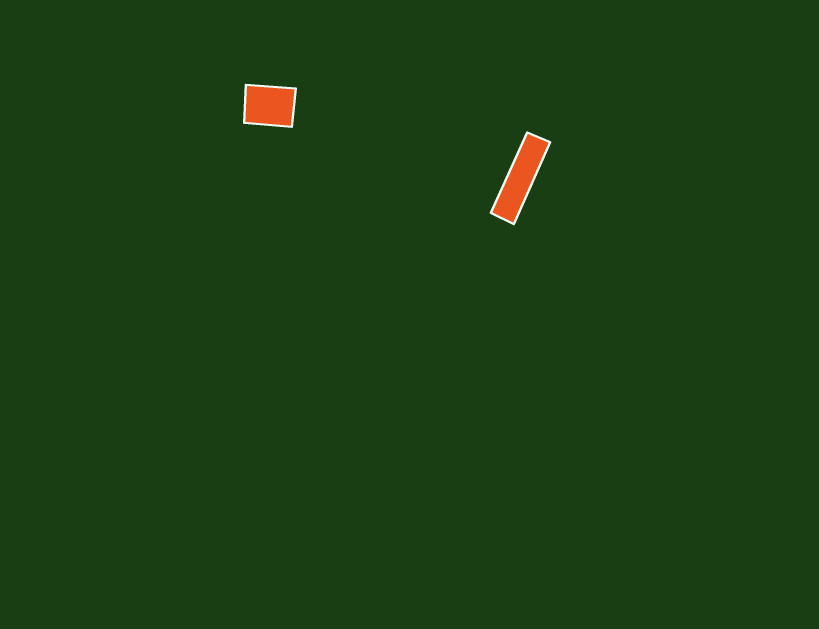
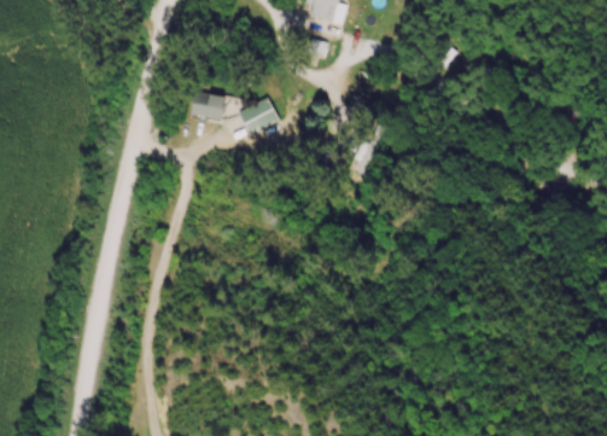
building: none -> [238,98,279,135]

